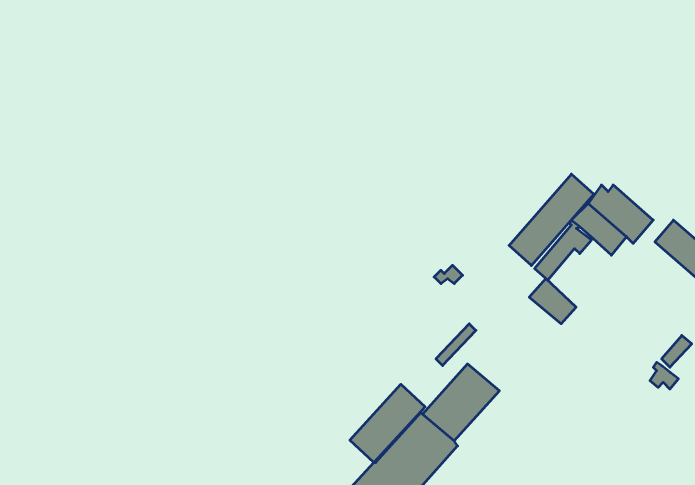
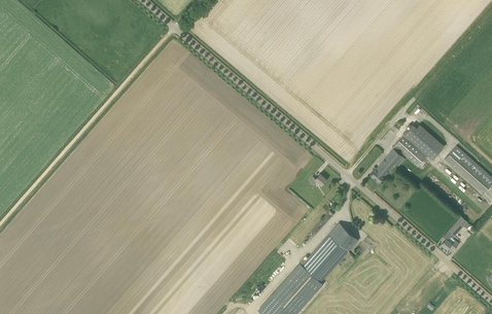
building: [509,174,594,266] -> none
building: [529,279,576,324] -> [329,223,358,251]
building: [350,384,425,463] -> none

